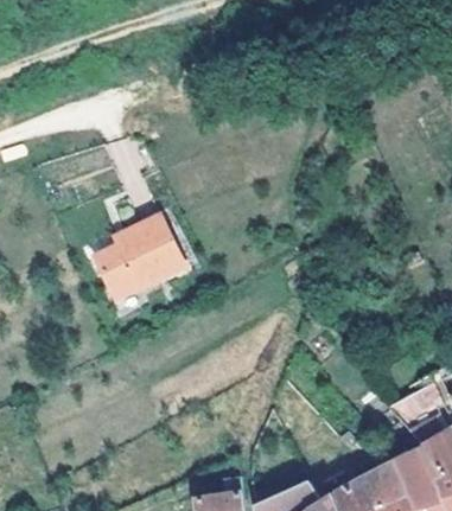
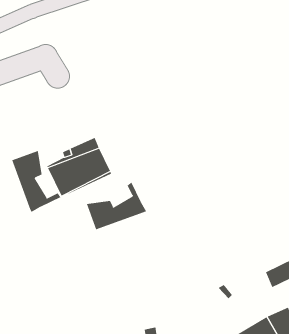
building: none -> [11,150,61,213]
building: none -> [86,182,147,230]

